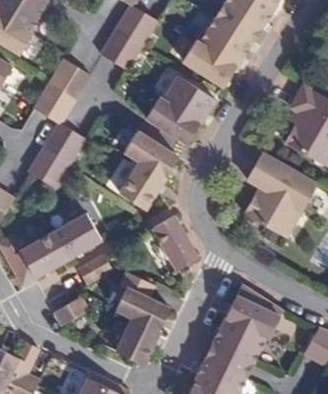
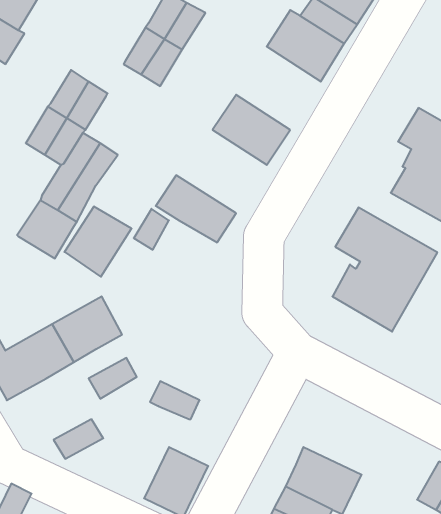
building: [183,40,237,87] -> none
building: [146,97,200,144] -> none
building: [120,162,166,210] -> [64,207,132,277]
building: [153,216,198,270] -> none
building: [225,284,283,338] -> none
building: [116,289,170,330] -> none

